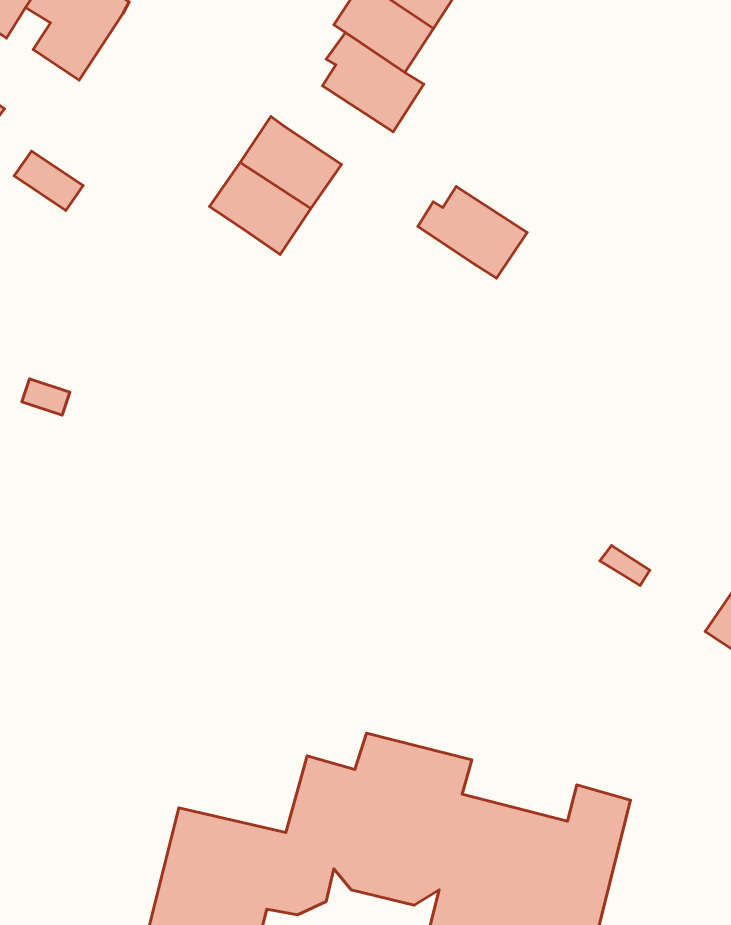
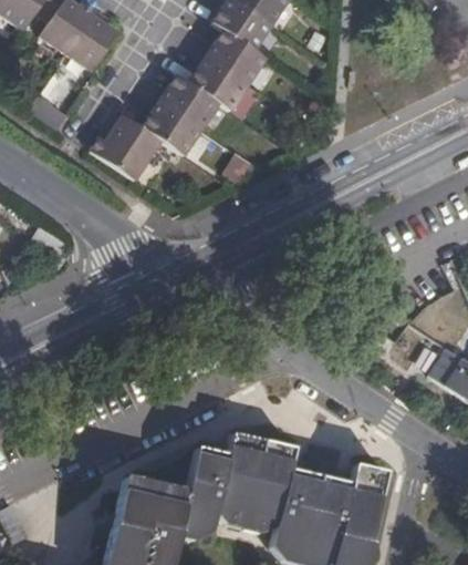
building: none -> [67,17,119,73]
building: none -> [92,113,163,181]
building: [418,186,527,278] -> [186,59,249,112]

